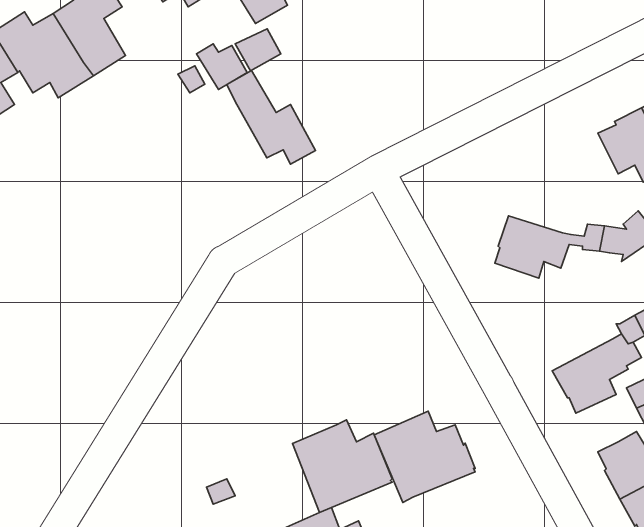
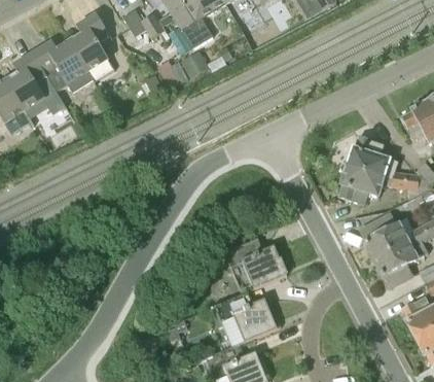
building: [227,71,315,164] -> none
building: none -> [347,135,398,177]
building: none -> [360,213,410,259]
building: [374,411,475,502] -> [224,237,286,292]

